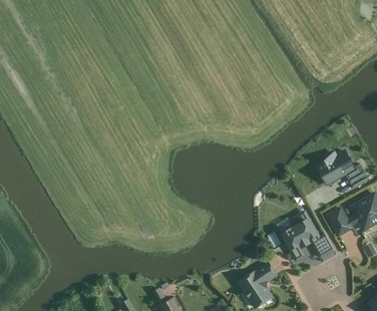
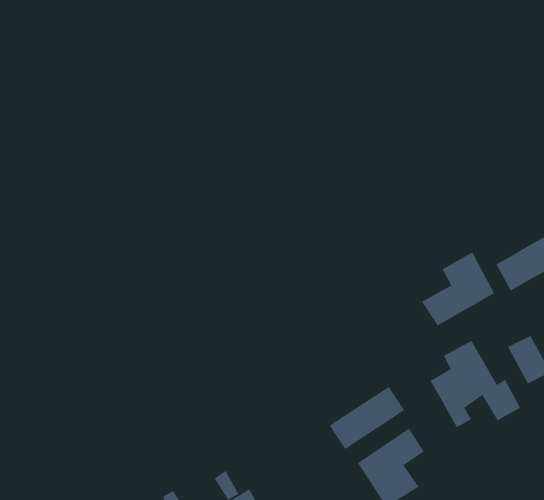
building: none -> [421,251,495,326]
building: none -> [329,386,405,450]

